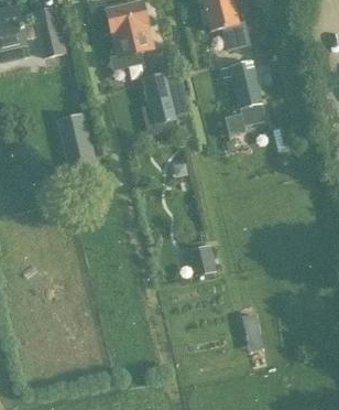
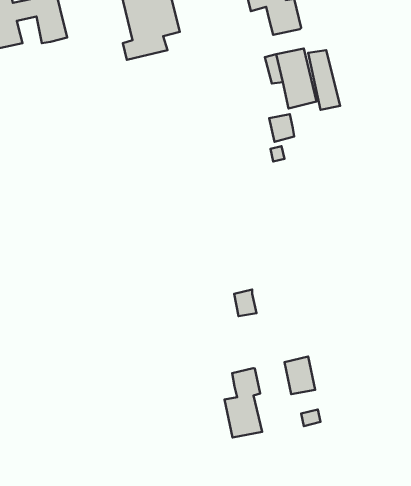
building: [142,72,175,125] -> none
building: [62,112,97,174] -> none
building: none -> [225,368,262,437]

